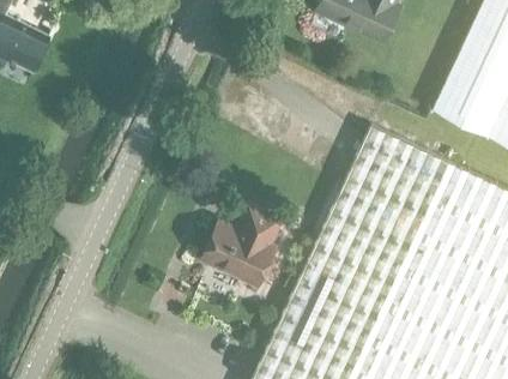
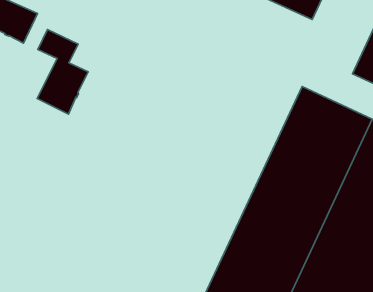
building: none -> [37,29,88,114]
building: [202,205,282,287] -> none

